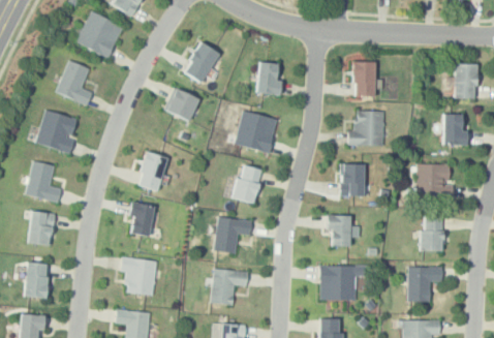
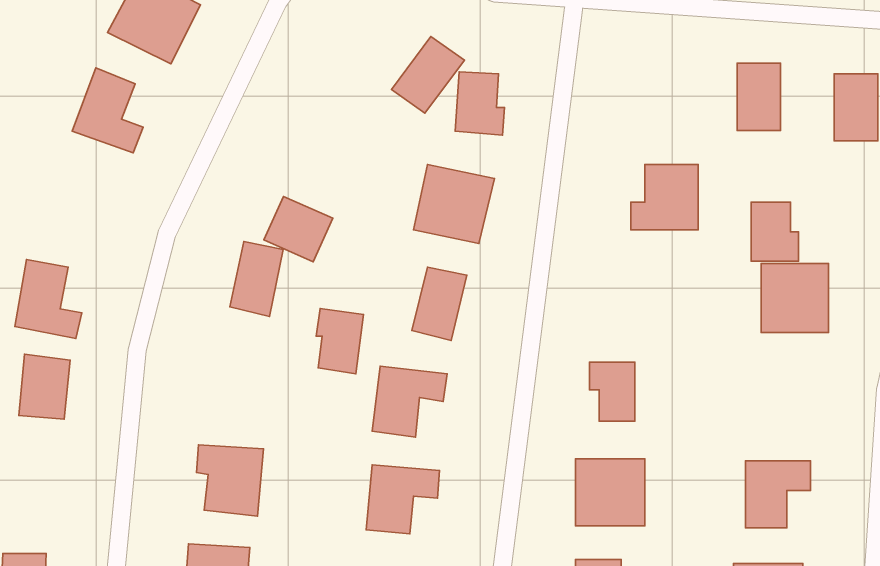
building: [182,41,220,82] -> [391,36,464,113]
building: [352,61,375,96] -> [737,63,780,130]
building: [163,87,199,121] -> [264,197,333,262]
building: [36,110,79,152] -> none
building: [443,114,468,145] -> [751,202,798,261]
building: [340,163,364,194] -> none
building: [129,202,154,236] -> [316,309,364,374]
building: [421,215,443,250] -> none
building: [23,260,49,298] -> none

